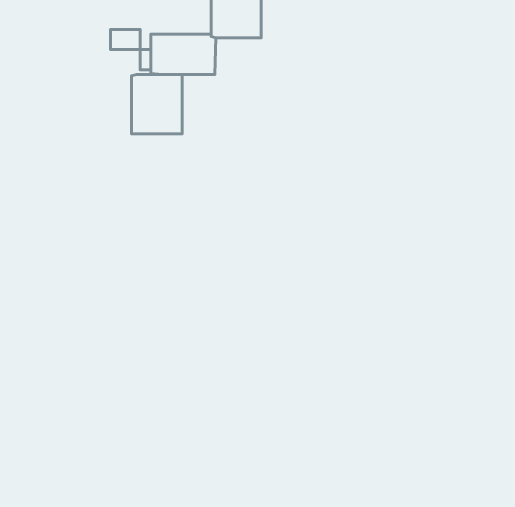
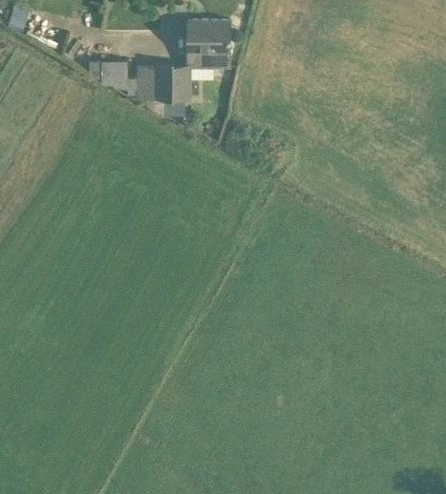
building: [132,75,182,134] -> none

